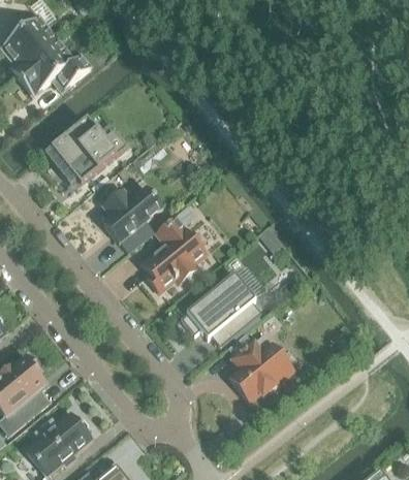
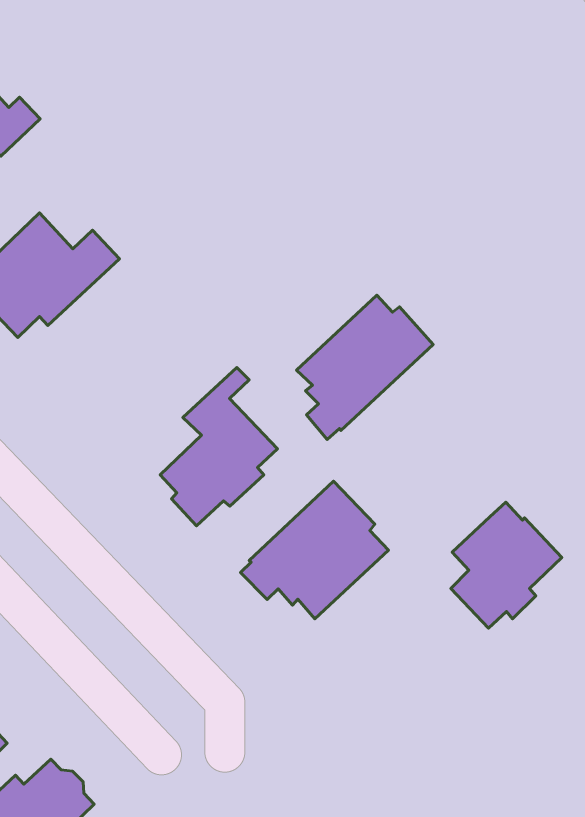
building: none -> [297,295,433,439]
building: [102,188,162,252] -> none
building: [230,334,291,402] -> [451,502,562,628]

